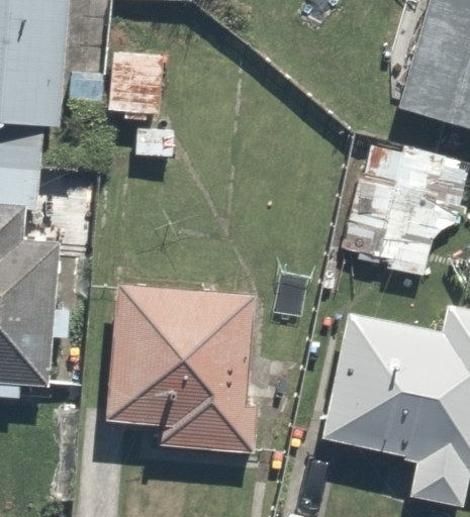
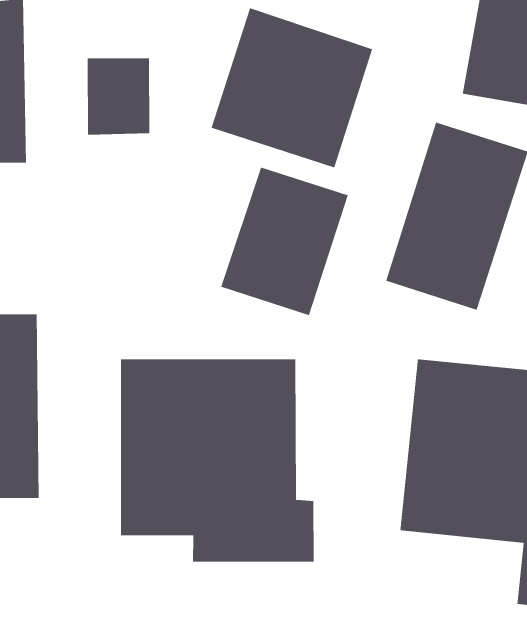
building: none -> [210,7,373,168]
building: none -> [220,166,349,316]

